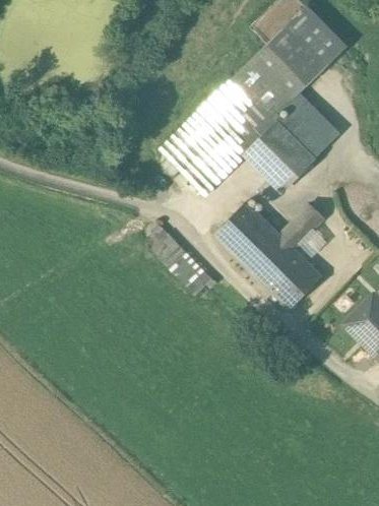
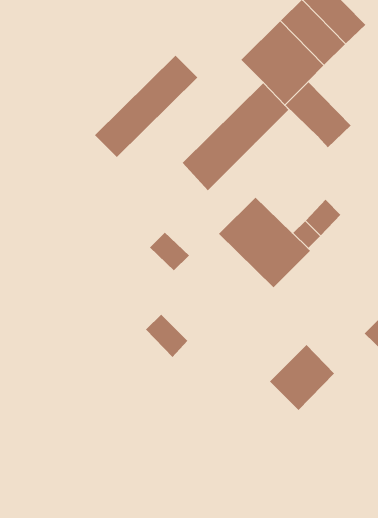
building: [161,77,254,170] -> [94,55,198,158]
building: [247,122,313,189] -> none
building: [263,249,322,309] -> [269,344,335,411]
building: [174,253,212,293] -> [145,314,188,358]

